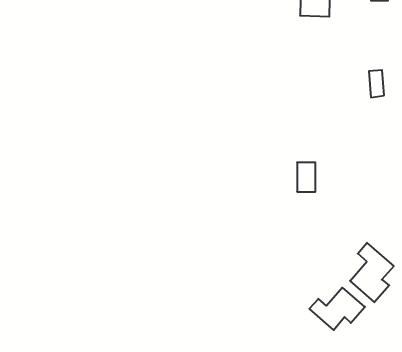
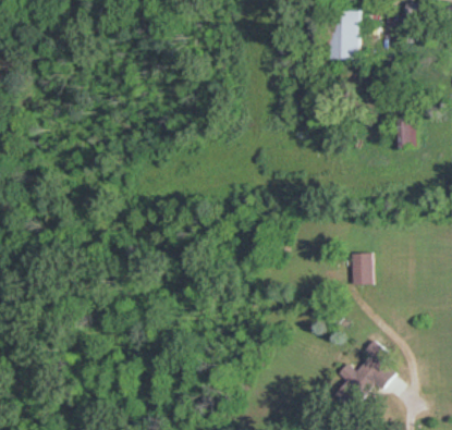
building: [297,162,315,192] -> [352,254,371,285]
building: [350,243,394,302] -> none

